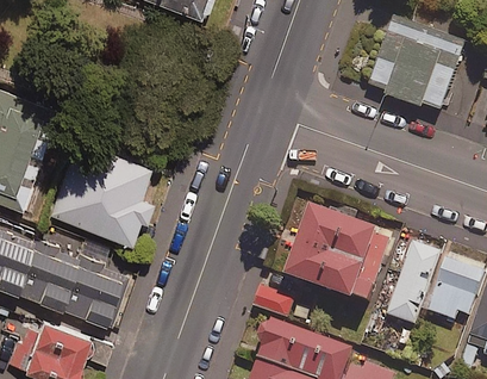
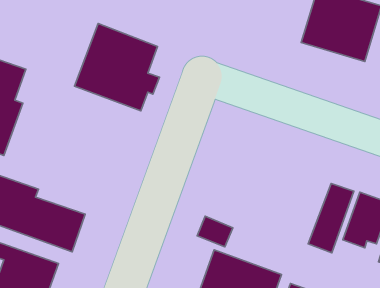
building: [49,138,151,243] -> [74,24,160,111]
building: [283,210,376,309] -> none

